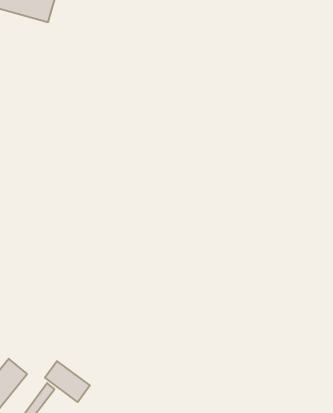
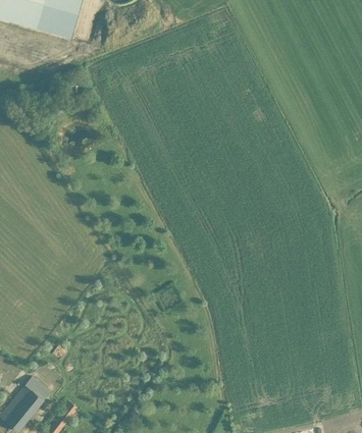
building: [45,361,90,402] -> none

